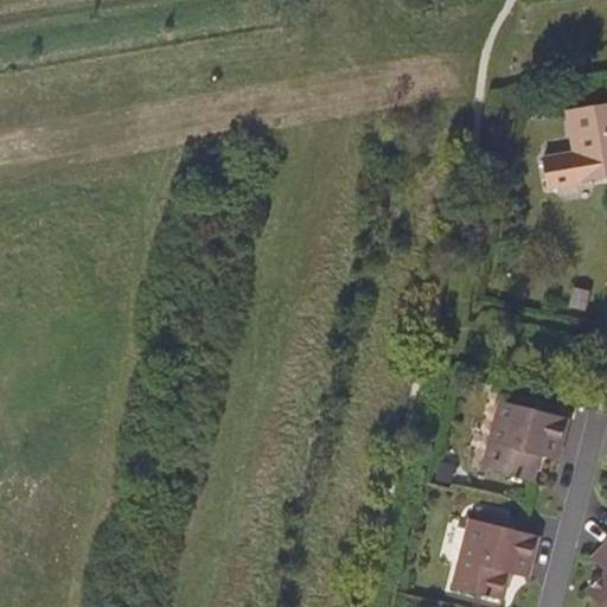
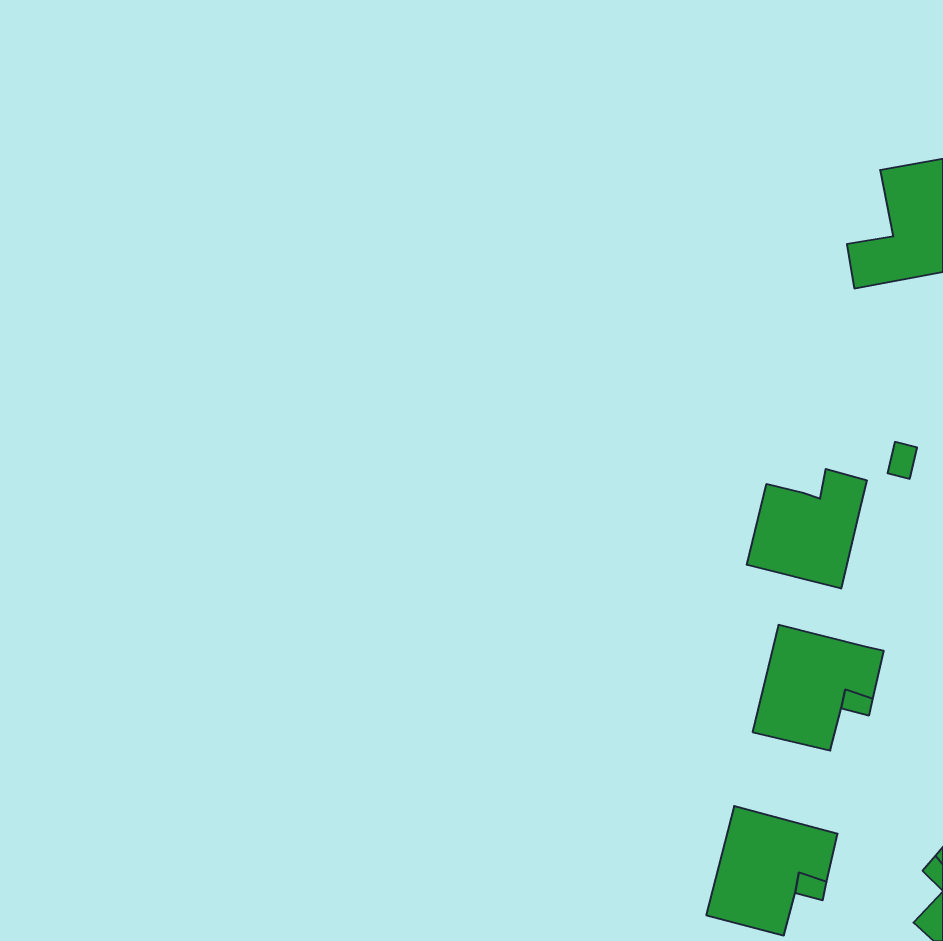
building: none -> [747,469,867,589]

